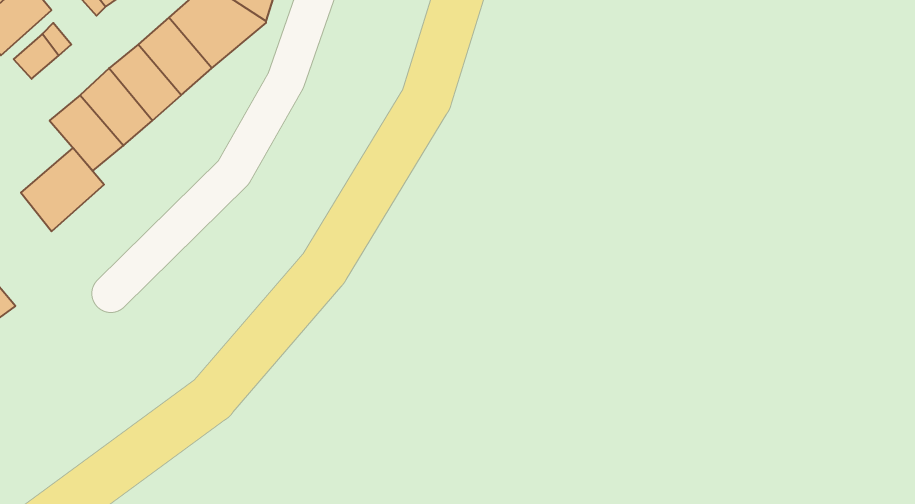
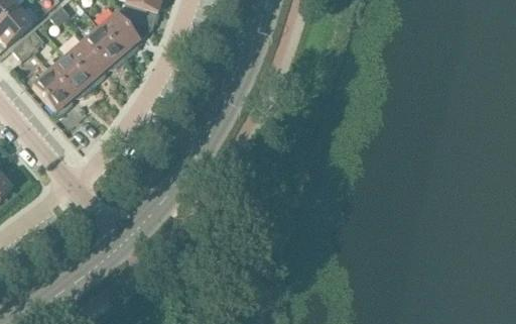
building: [21,148,104,231] -> none

